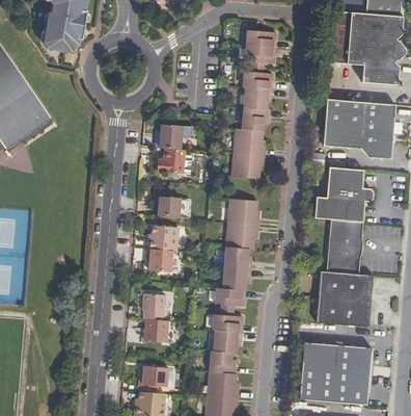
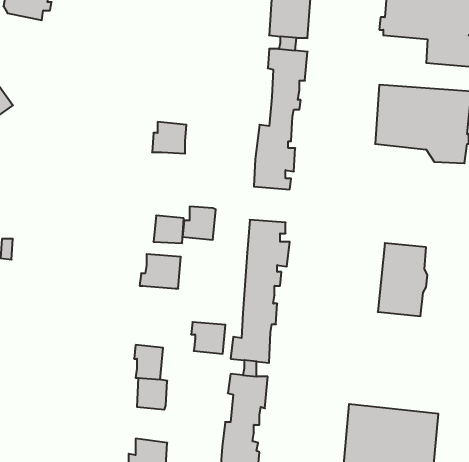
building: [158,150,183,175] -> [183,207,216,240]
building: [313,166,375,222] -> none
building: [147,251,173,275] -> [191,322,225,354]
building: [316,270,373,326] -> none

